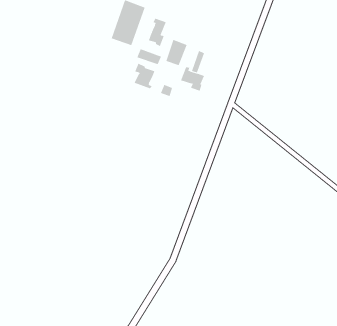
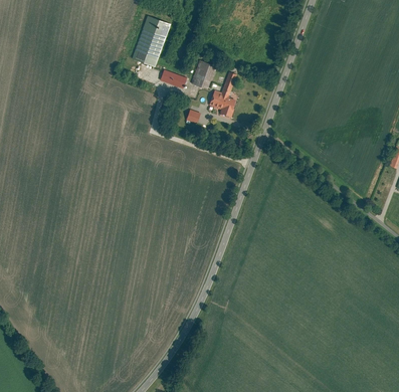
building: [148,18,167,47] -> none
building: [134,63,155,89] -> none

